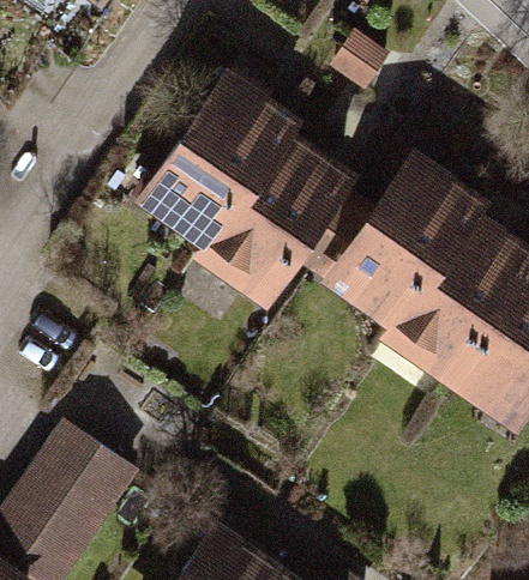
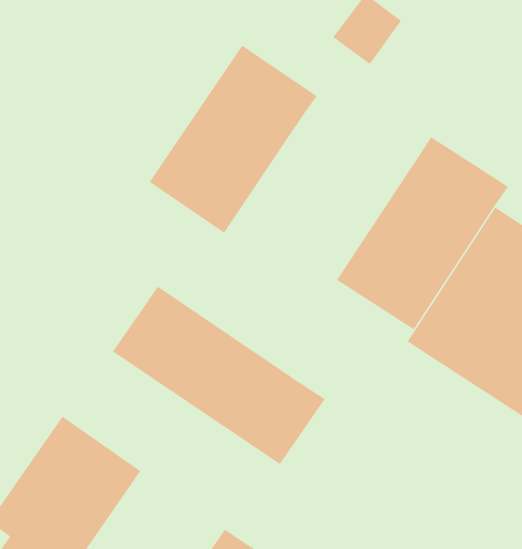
building: [205,132,361,307] -> none
building: none -> [112,286,325,465]

